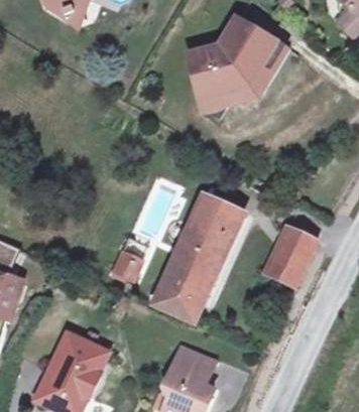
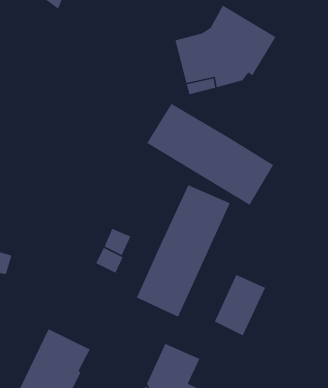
building: none -> [146,103,274,206]
building: [267,226,318,286] -> [214,274,266,336]

